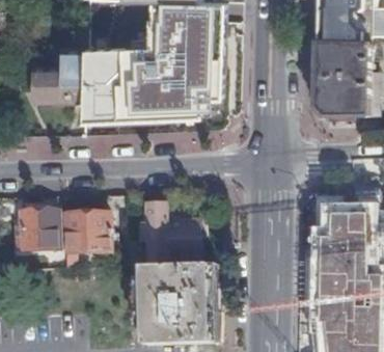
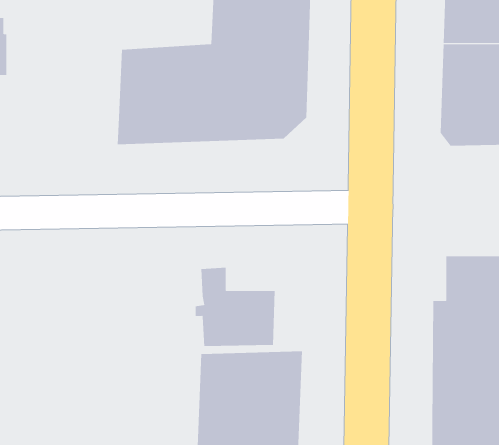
building: [36,48,88,101] -> none
building: [20,211,56,250] -> none
building: [66,213,110,252] -> none

